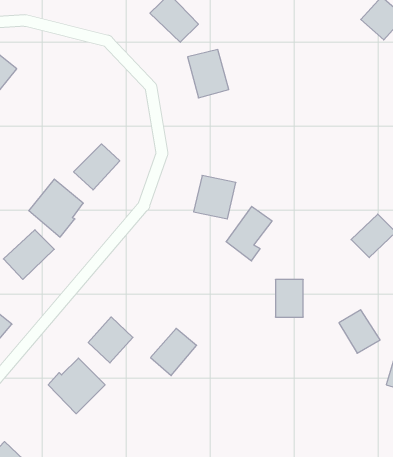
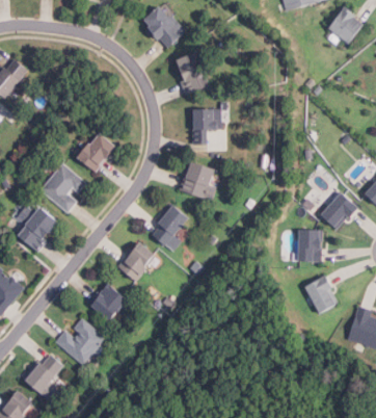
building: none -> [193,107,221,145]
building: [226,206,272,261] -> [152,204,191,251]
building: [275,280,303,317] -> [298,229,322,261]
building: [151,328,197,376] -> [117,241,157,282]
building: none -> [27,352,65,392]

